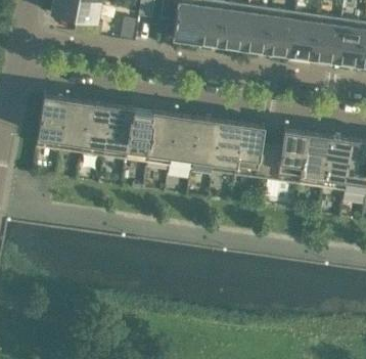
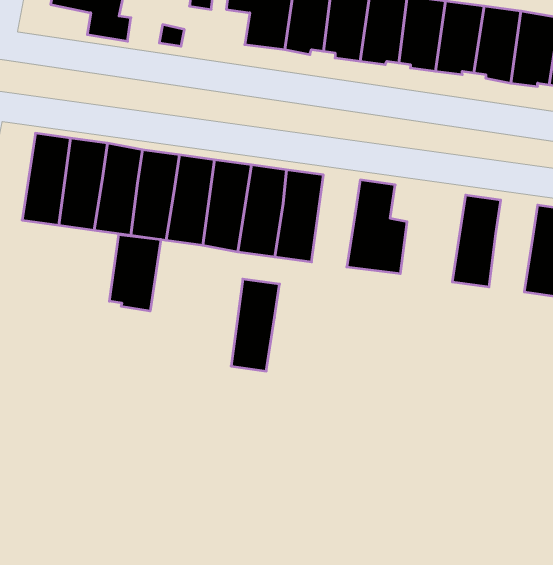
building: [213,119,242,175] -> [231,279,280,371]
building: [267,128,307,184] -> none
building: [321,134,351,190] -> none
building: none -> [109,234,161,311]

